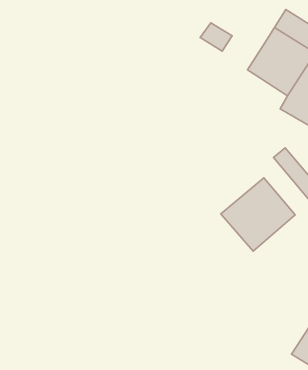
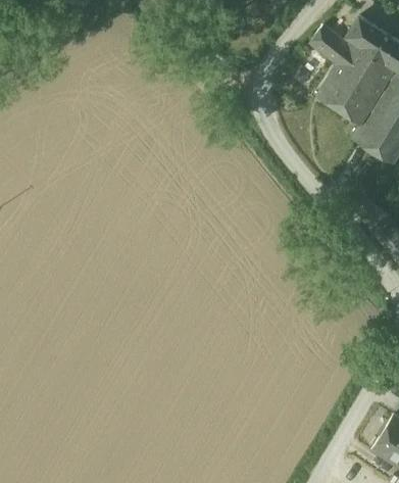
building: [200,23,232,51] -> [309,23,349,59]
building: [221,178,295,251] -> none

